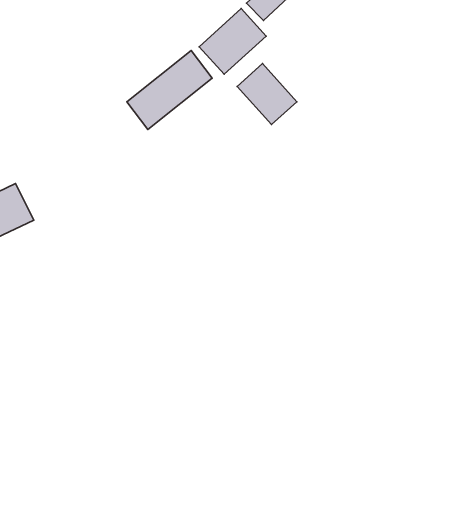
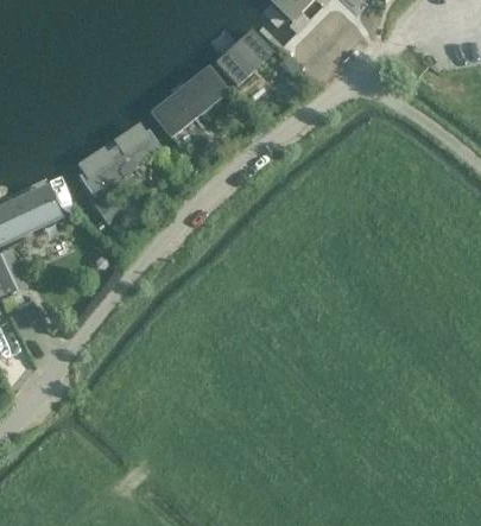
building: [237,63,297,125] -> none
building: none -> [71,119,162,194]

